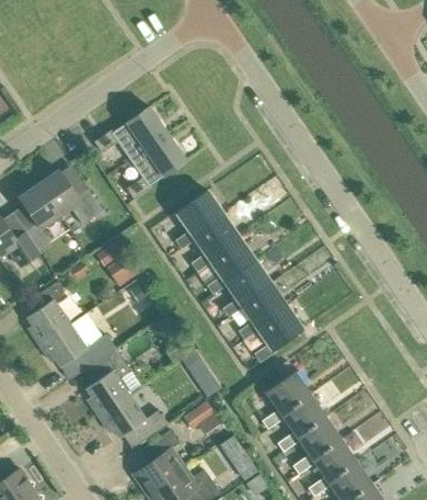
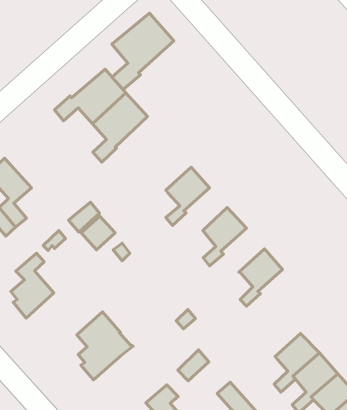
building: none -> [112,13,174,89]
building: [38,170,103,225] -> none
building: [176,192,223,249] -> none
building: [208,239,254,294] -> none
building: [239,284,286,340] -> none
building: [39,323,116,371] -> none
building: [263,372,311,430] -> none
building: [99,395,169,446] -> none

